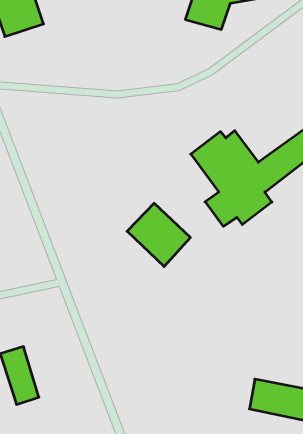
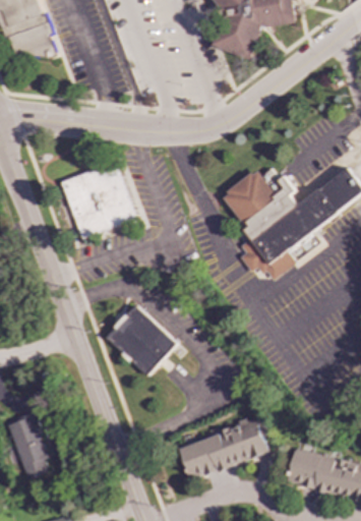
building: none -> [62,163,135,236]
building: [127,203,190,267] -> [105,304,176,375]
building: none -> [180,417,269,478]

